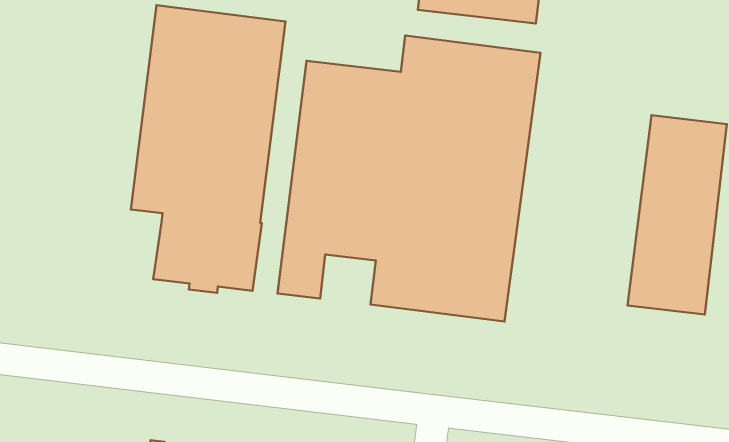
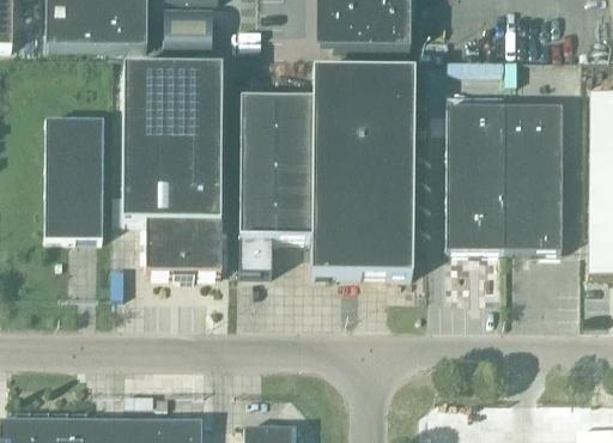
building: none -> [44,117,103,237]
building: none -> [445,105,504,250]

